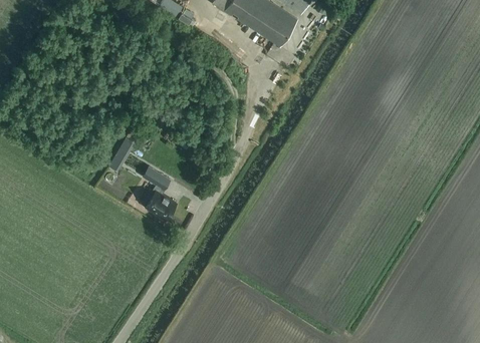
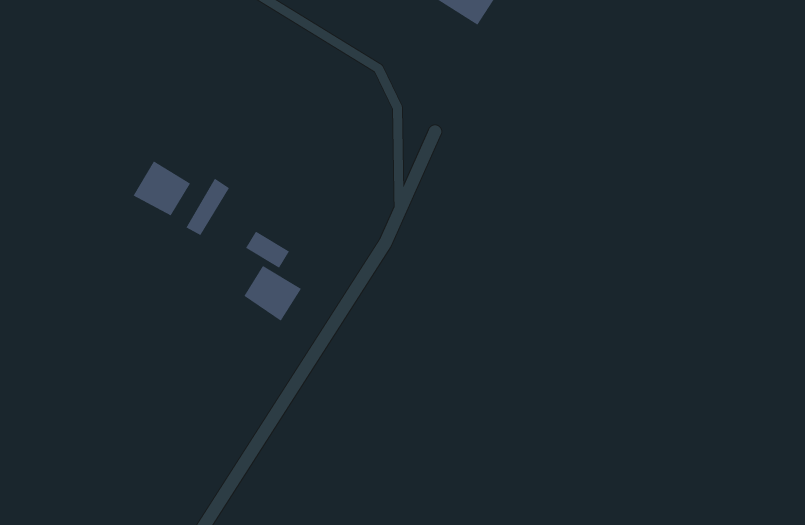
building: none -> [133,160,191,216]

